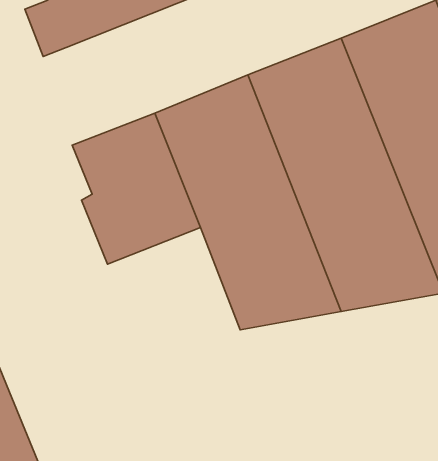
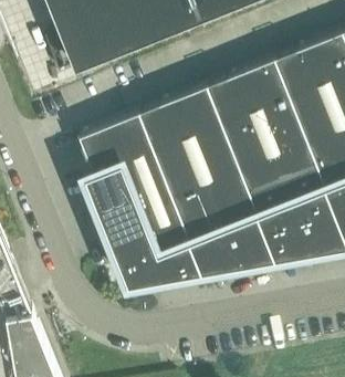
building: none -> [101,201,197,287]

